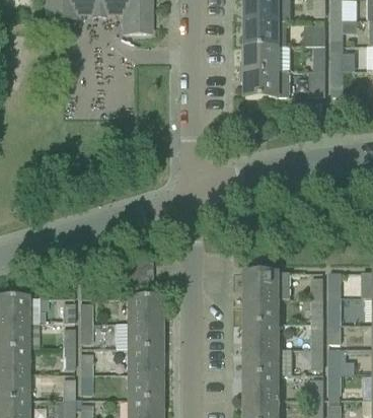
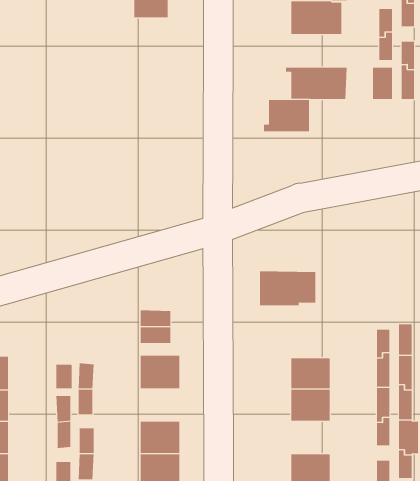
building: [241,46,278,71] -> [263,99,310,132]
building: [245,271,290,298] -> [259,271,316,306]
building: [116,323,159,348] -> none
building: [245,348,277,373] -> none

